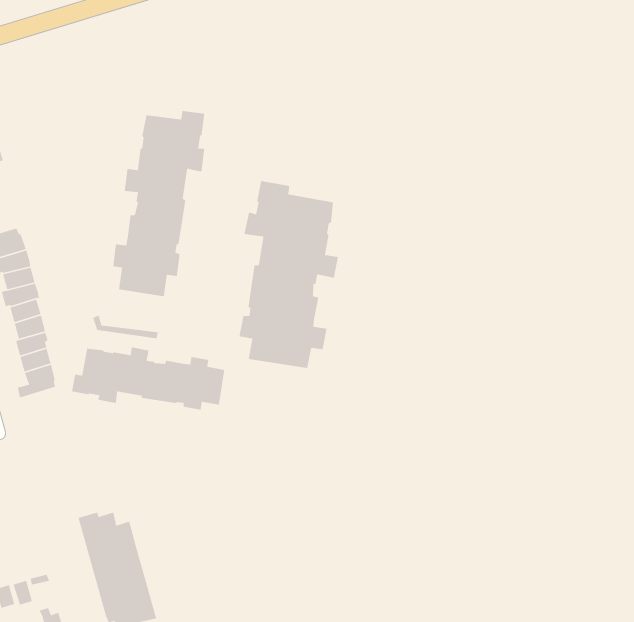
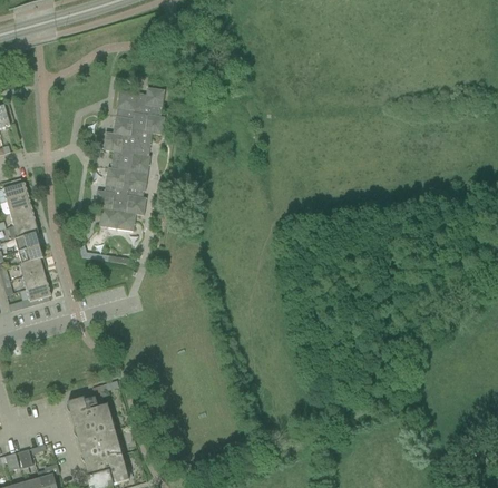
building: [238,180,339,369] -> none
building: [71,347,225,411] -> none

